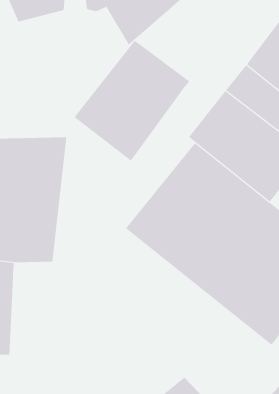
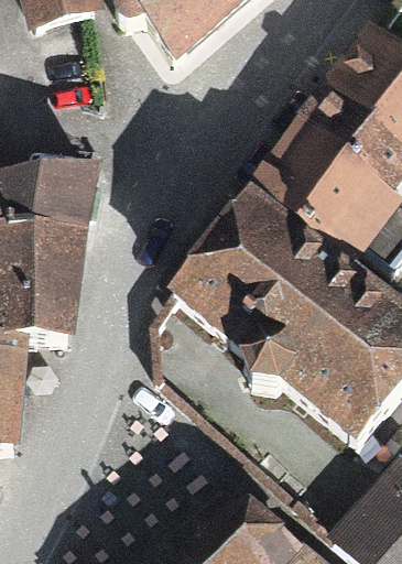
building: [74,40,190,161] -> none

